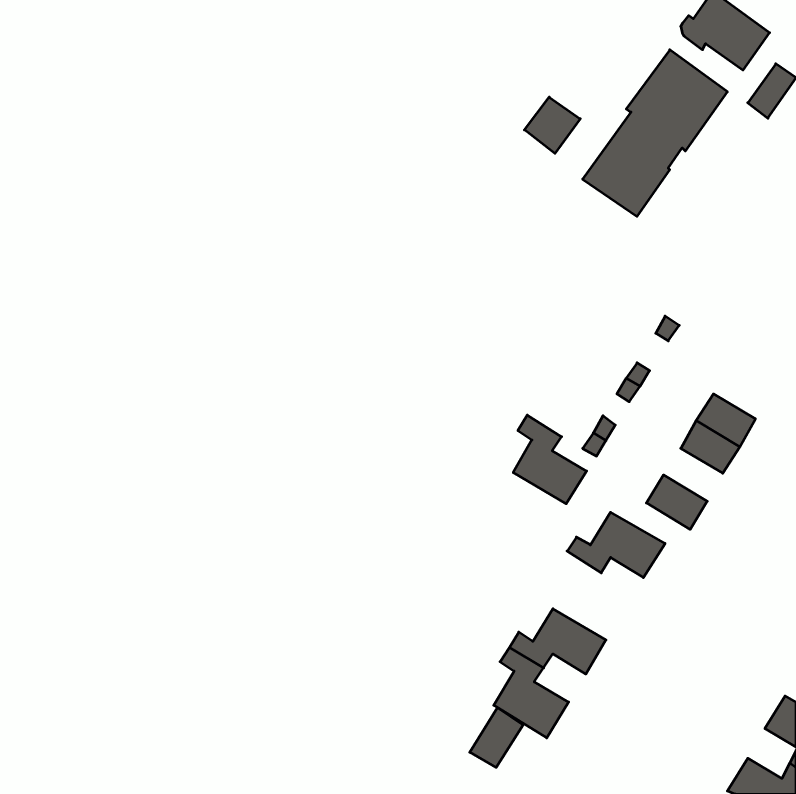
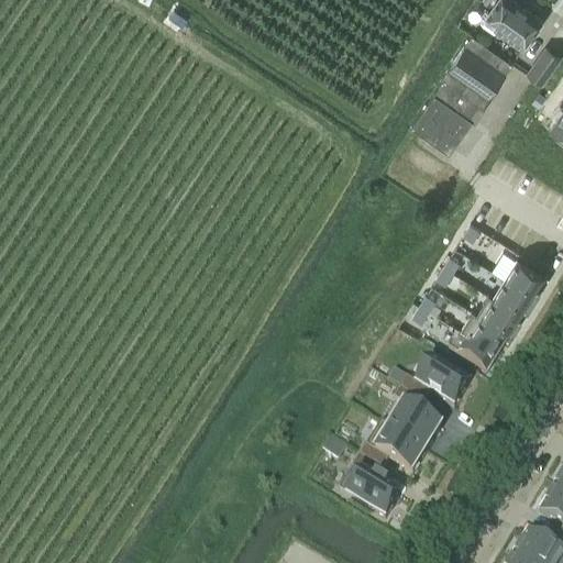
building: [524,97,580,153] -> none
building: none -> [504,257,545,296]
building: [513,415,587,504] -> [390,389,442,452]
building: none -> [468,317,510,354]
building: [470,707,523,767] -> none

